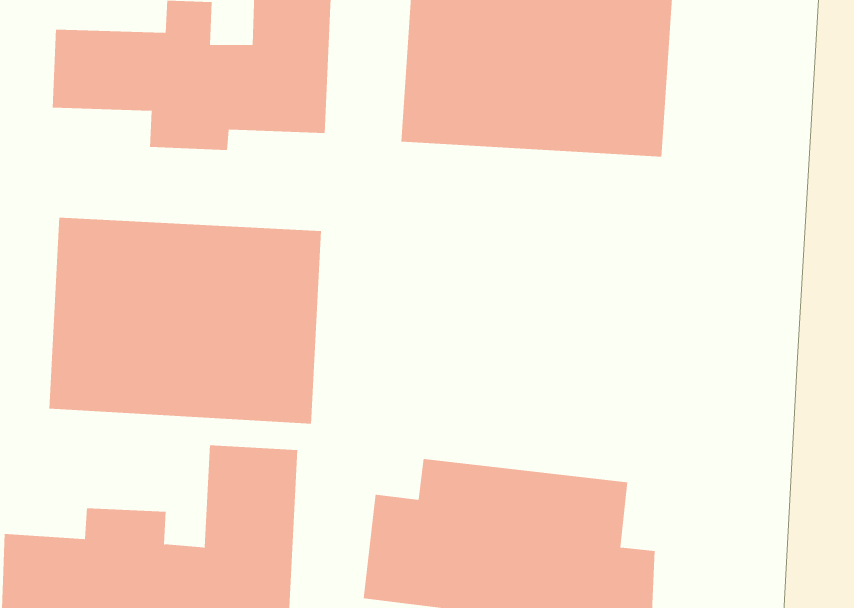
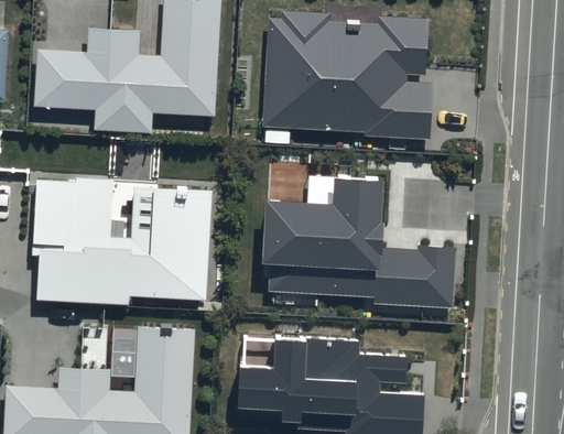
building: none -> [267,167,455,305]

